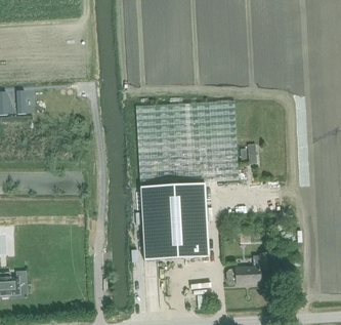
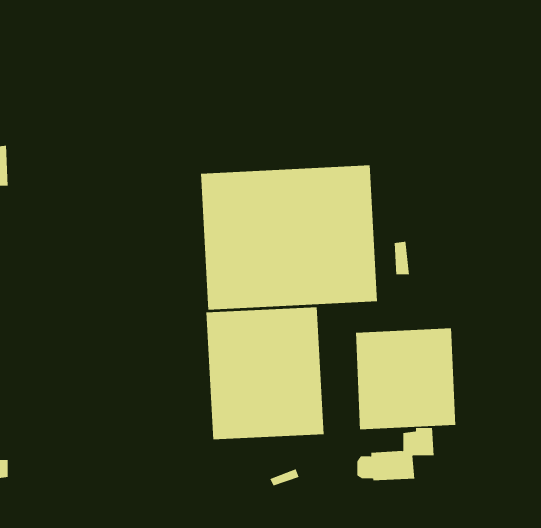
building: none -> [356,327,456,430]

